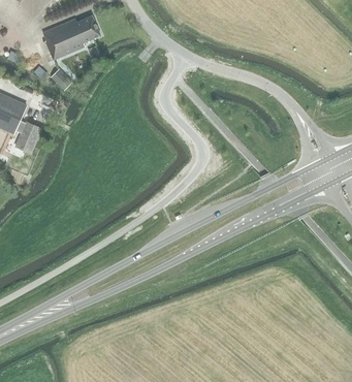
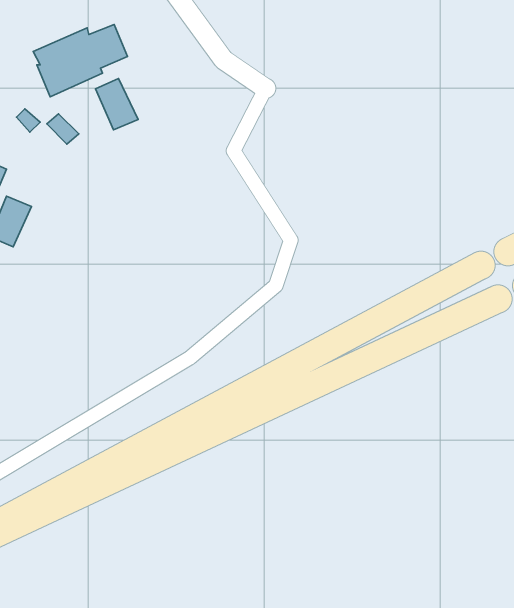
building: none -> [96,78,138,130]

